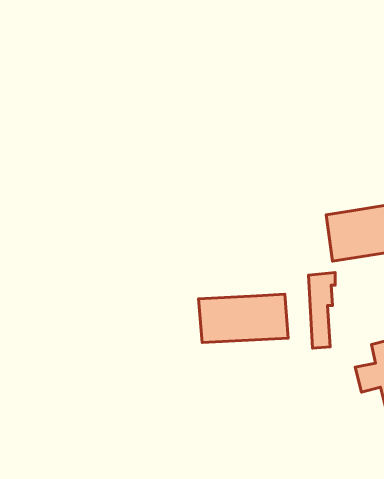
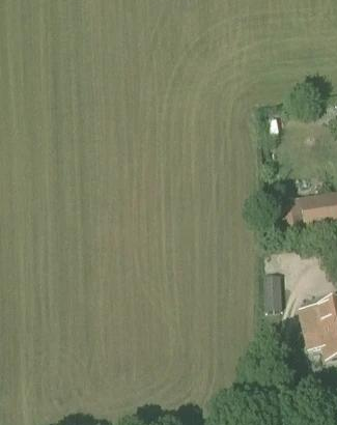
building: [199,294,288,342] -> none

